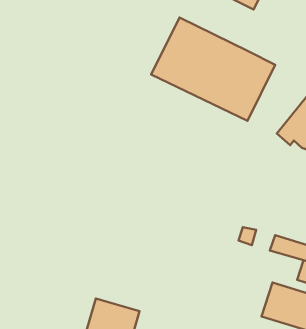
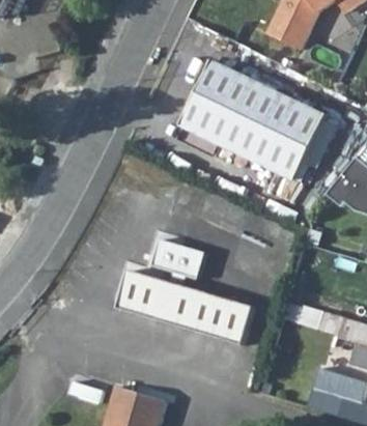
building: none -> [118,238,253,346]

